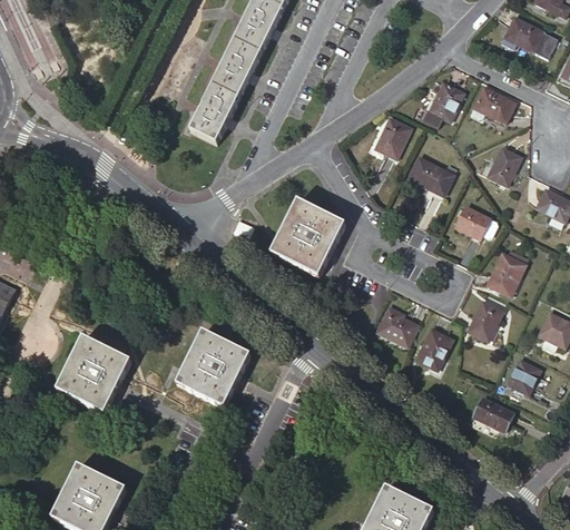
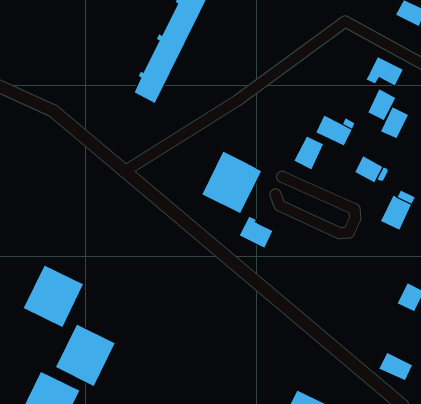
building: [428,81,462,120] -> [368,88,396,121]
building: [373,117,410,158] -> [293,136,324,170]
building: [466,300,502,338] -> none
building: [375,306,416,345] -> [239,216,273,249]
building: [415,328,451,369] -> none
building: [176,331,248,406] -> [55,324,115,387]
building: [471,395,512,430] -> [379,352,413,381]

